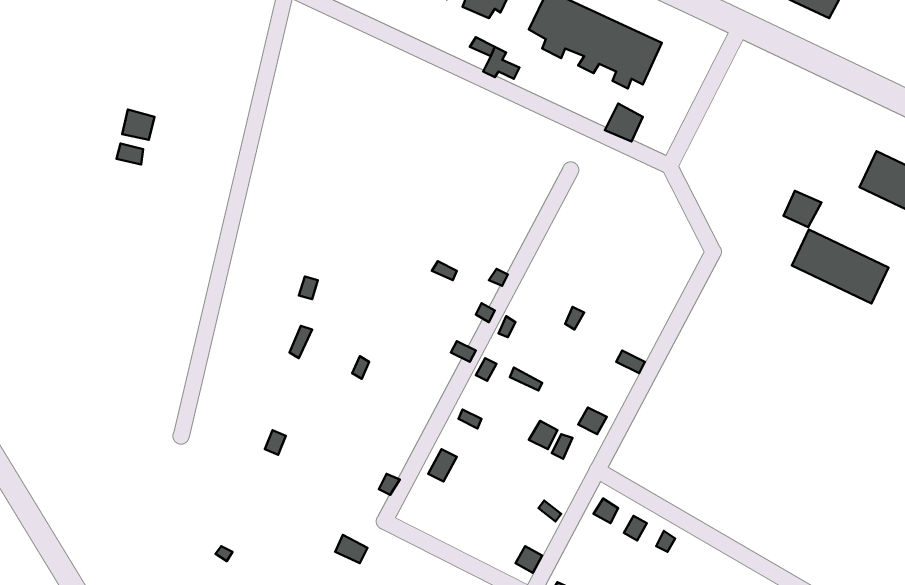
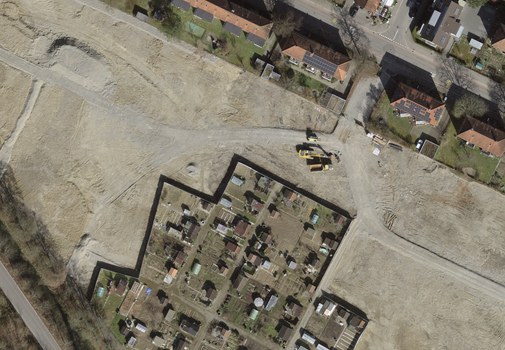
building: [792,229,889,303] -> [390,84,441,123]

